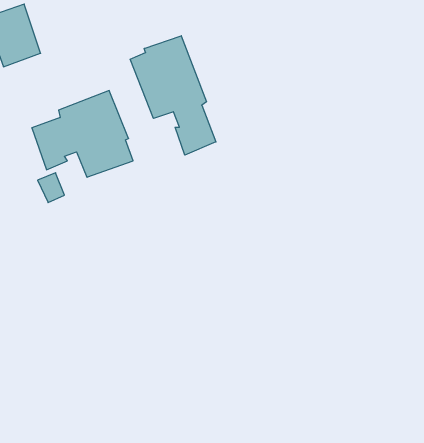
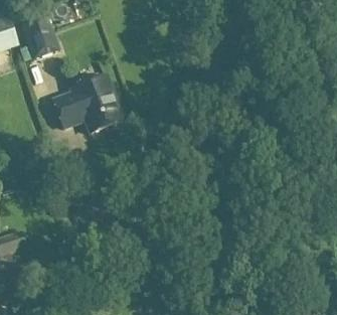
building: [130,36,216,155] -> none

